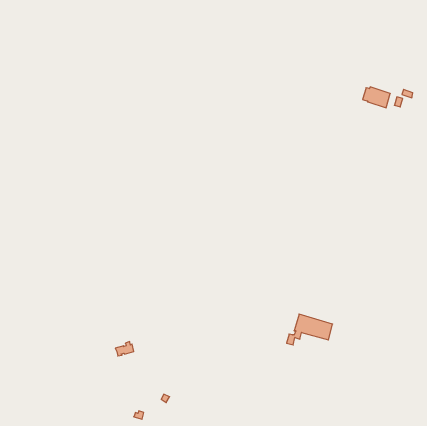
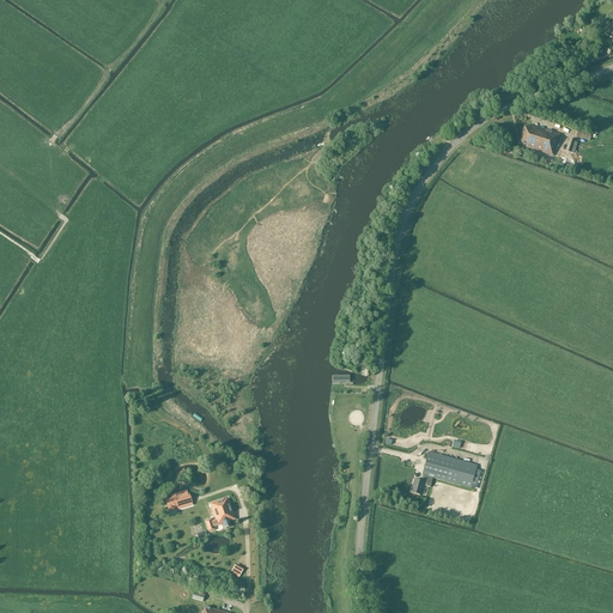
building: none -> [205,497,235,530]

